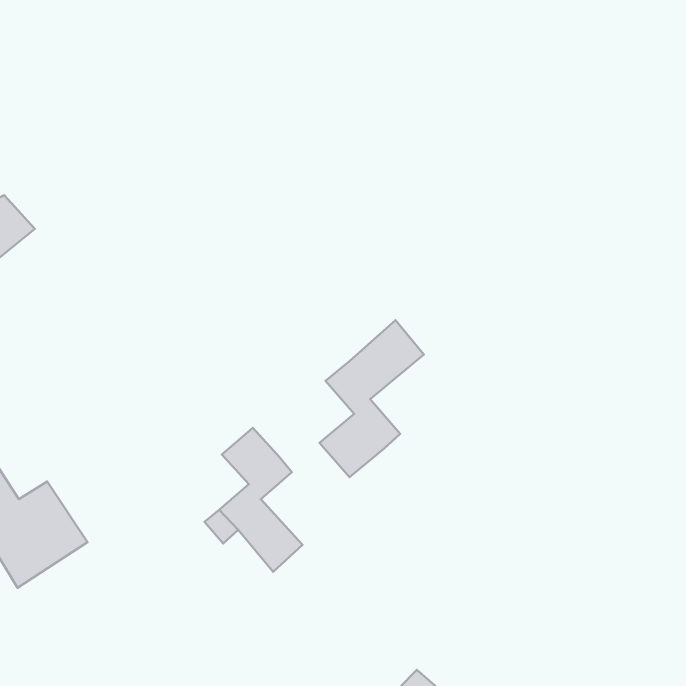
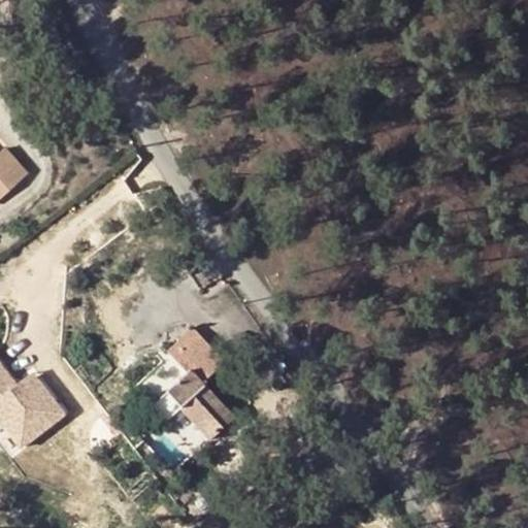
building: [319,320,424,477] -> none

